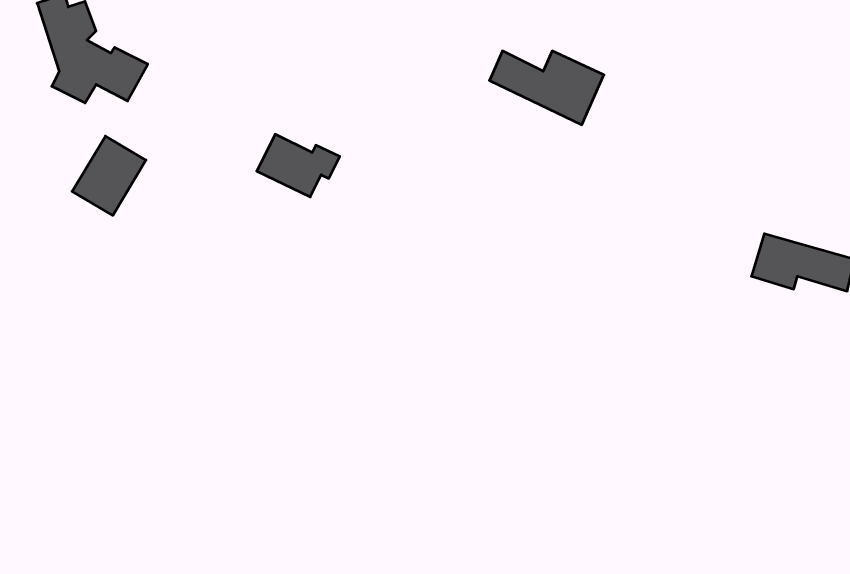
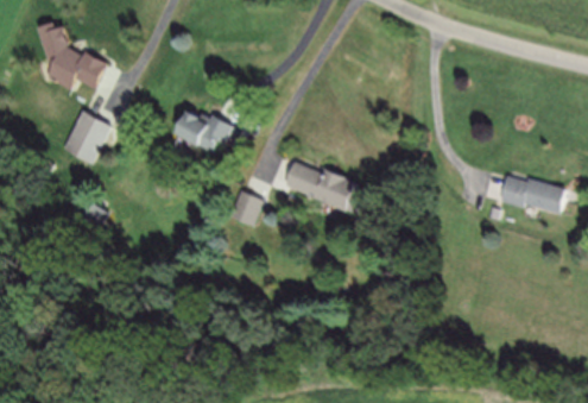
building: [489,51,604,125] -> [287,165,361,213]
building: none -> [228,193,260,226]

